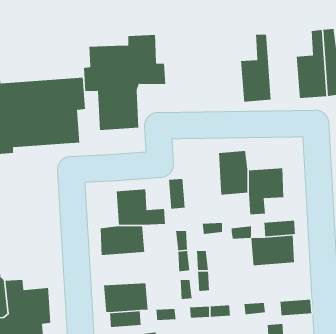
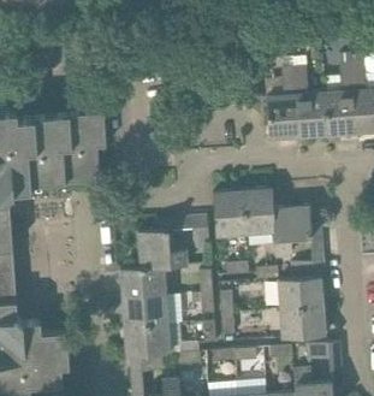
building: none -> [293,66,327,136]
building: [83,34,166,131] -> none
building: none -> [213,190,245,236]
building: none -> [121,294,168,327]
building: none -> [279,305,325,338]

